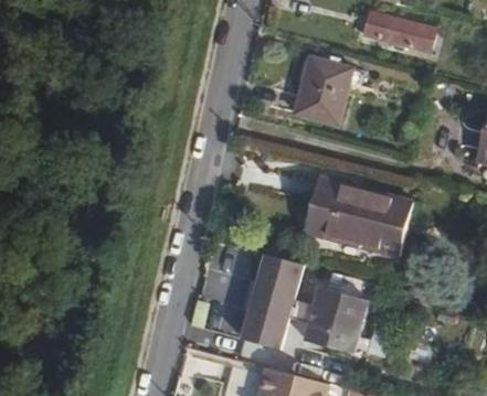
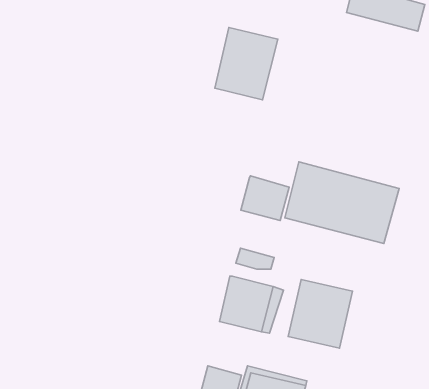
building: [296,56,356,125] -> [215,28,278,100]
building: none -> [241,176,289,221]

